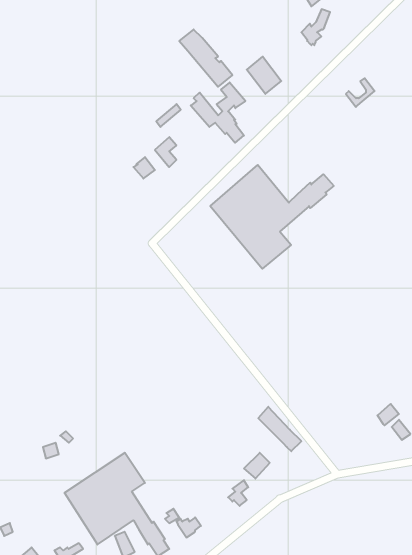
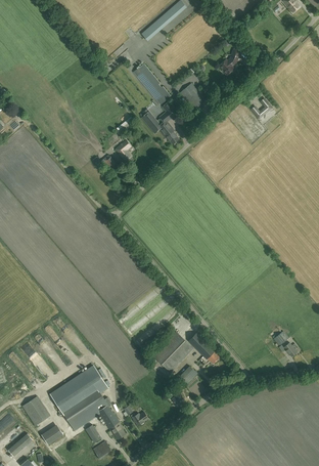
building: [210,165,334,269] -> none
building: none -> [153,332,193,373]
building: none -> [24,396,50,425]

